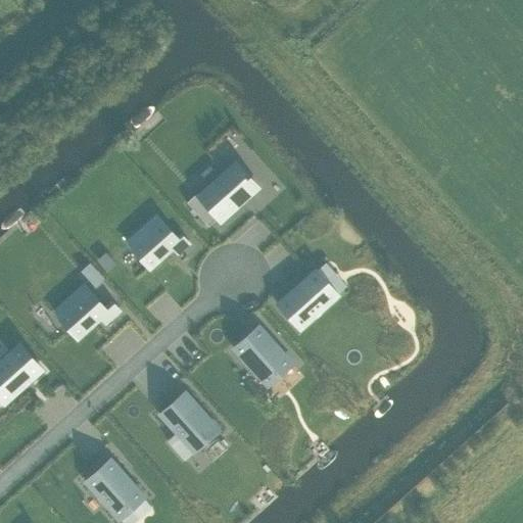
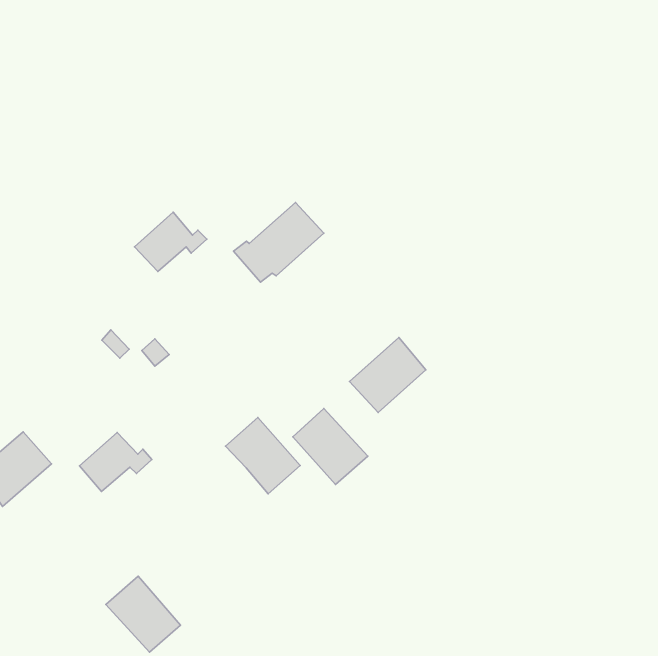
building: [130,220,187,267] -> [135,212,207,271]
building: [58,289,115,336] -> [80,432,152,492]
building: [158,390,218,450] -> [225,418,300,494]

